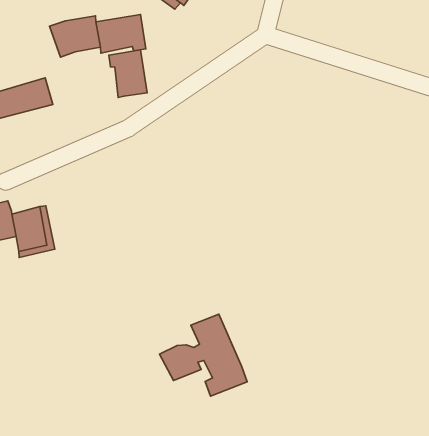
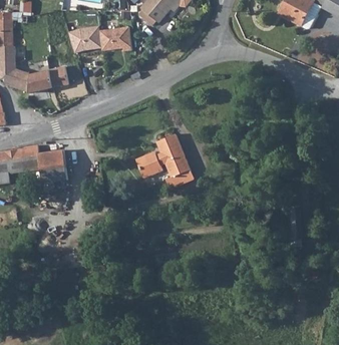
building: [109,50,147,98] -> none
building: [160,314,247,396] -> [133,137,191,192]

